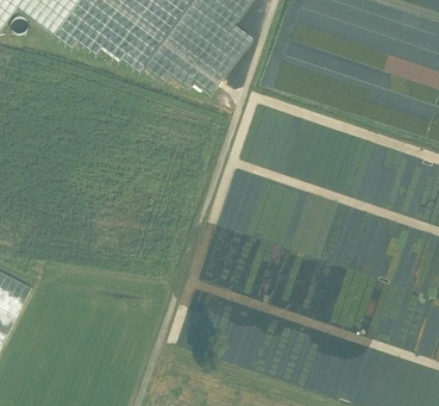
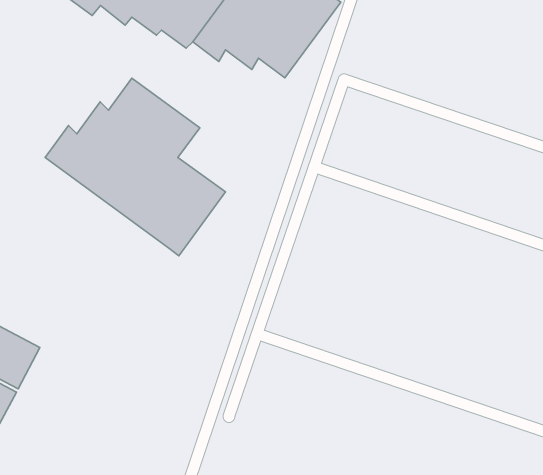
building: none -> [45,78,225,256]

